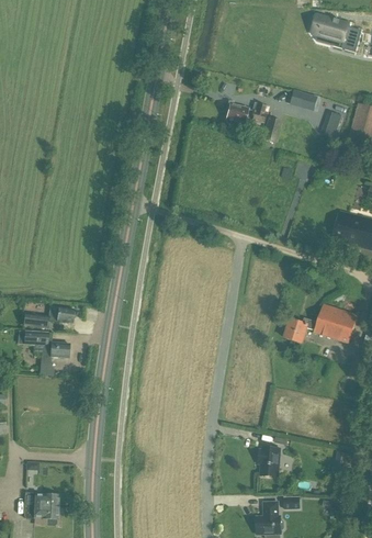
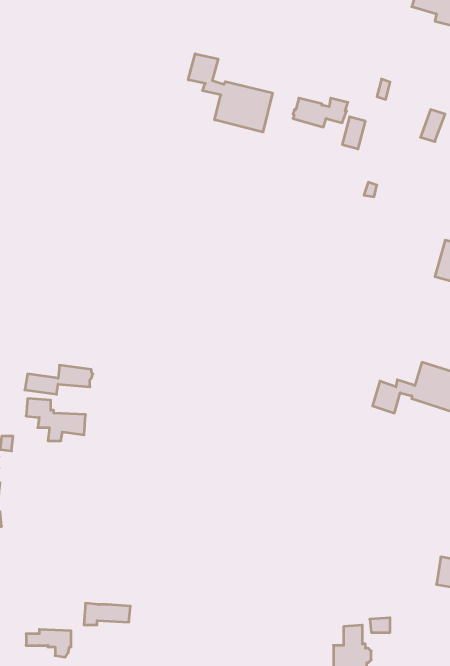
building: none -> [188,54,272,132]
building: [258,447,280,477] -> none
building: [23,492,58,508] -> [84,603,130,625]

